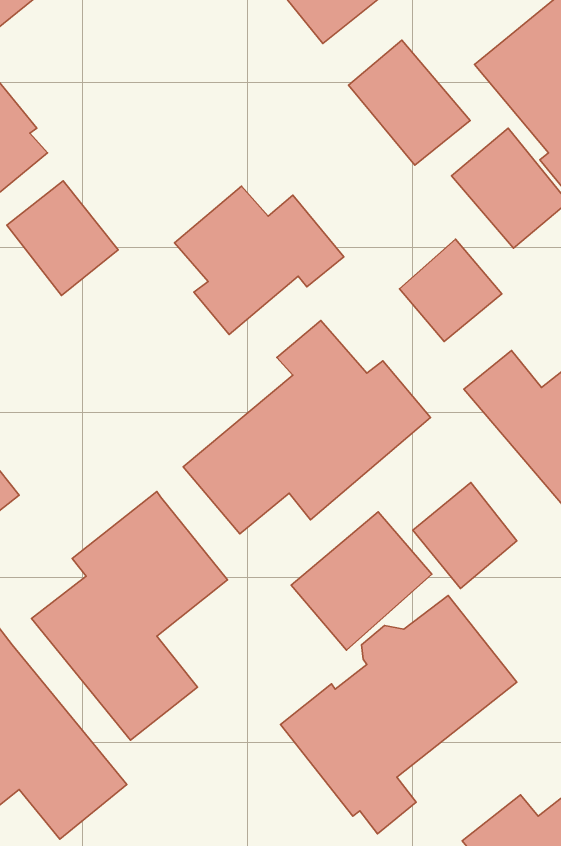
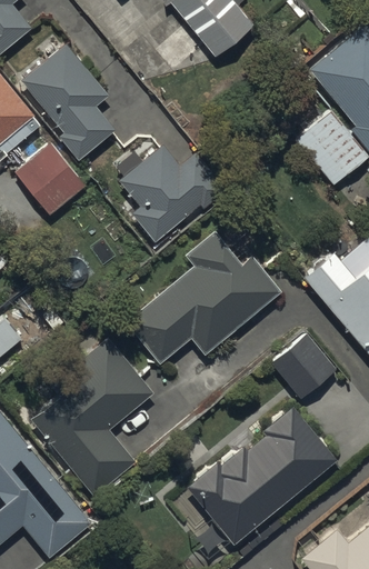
building: none -> [20,43,116,160]
building: [348,40,470,165] -> none
building: [399,239,502,342] -> none
building: [291,512,432,650] -> none

